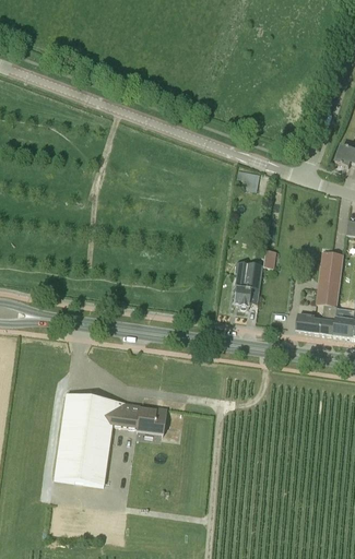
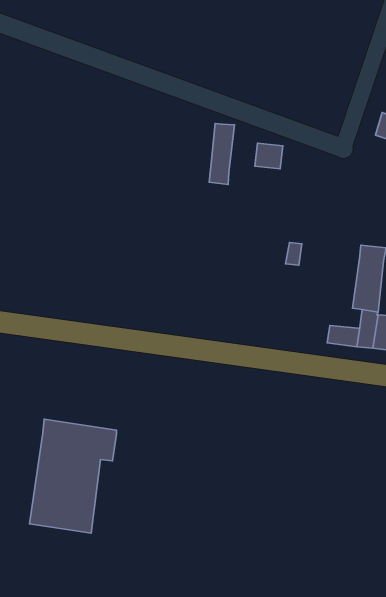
building: none -> [209,124,234,185]
building: [233,272,262,309] -> none
building: [121,405,166,435] -> none

